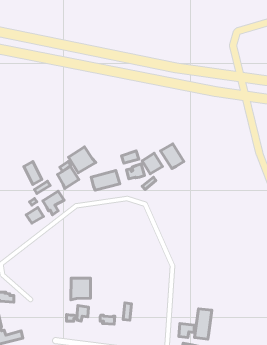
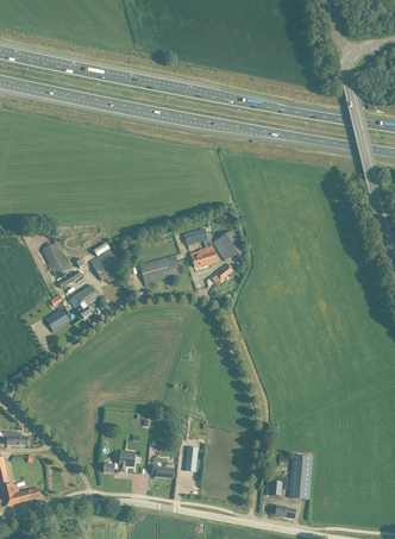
building: [161,144,184,168] -> none
building: [68,147,96,173] -> none
building: [71,278,90,300] -> none

